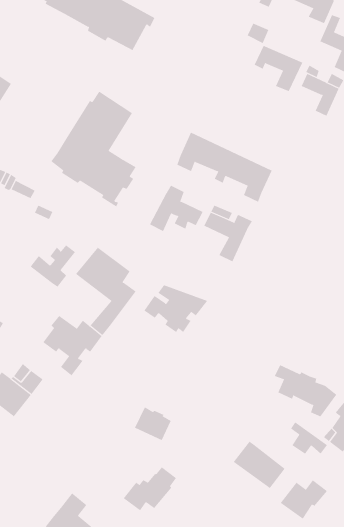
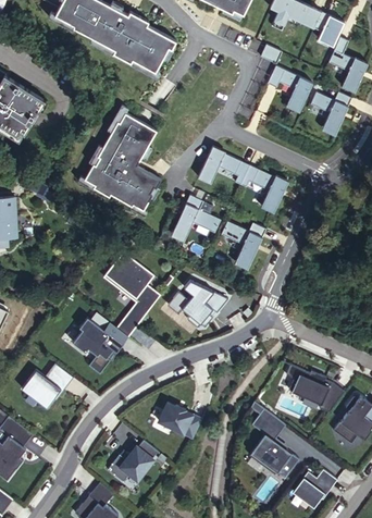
building: [30,245,76,287] -> none
building: [290,422,328,454] -> [250,403,285,433]
building: [123,467,177,511] -> [108,440,158,481]

